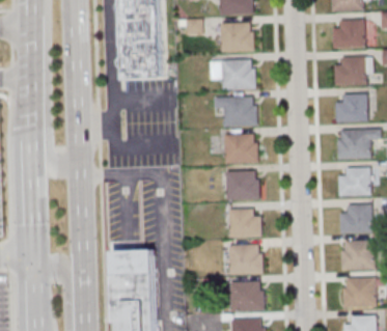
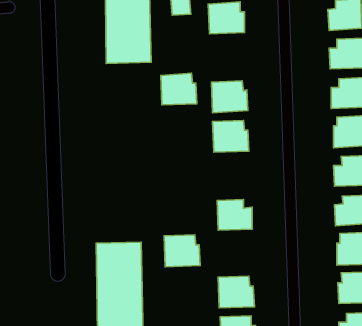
building: [221,59,255,89] -> [161,73,197,105]
building: [224,170,258,200] -> none
building: [227,245,261,275] -> [164,235,200,267]

